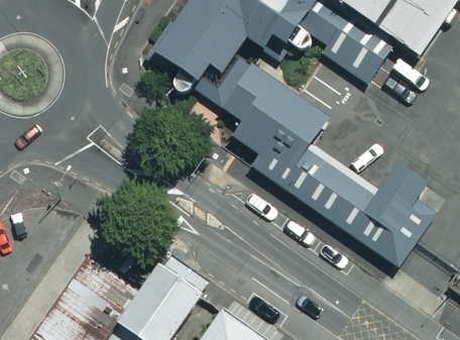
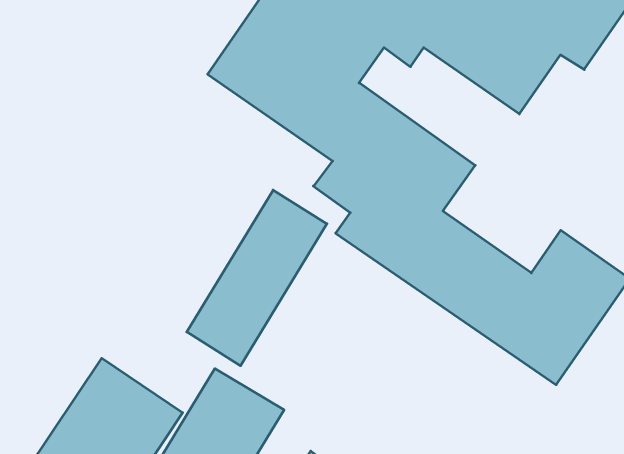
building: none -> [187,190,327,366]

